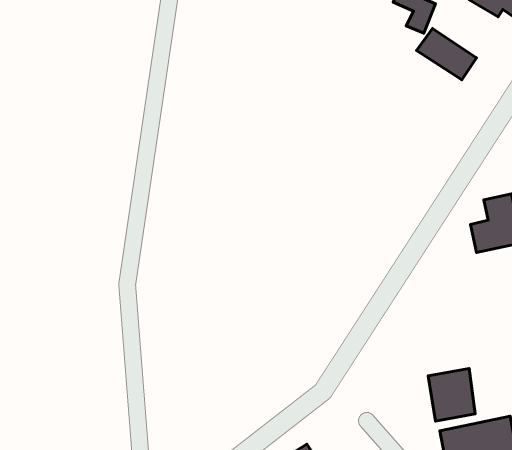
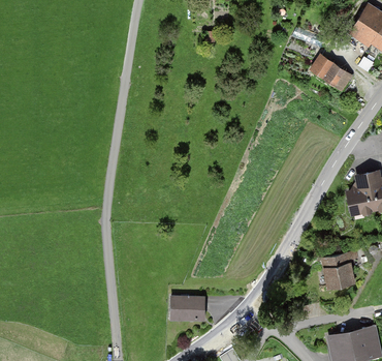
building: [428,369,475,421] -> [320,254,353,292]
building: none -> [169,296,206,323]

